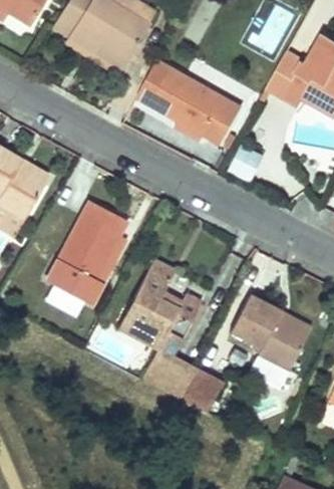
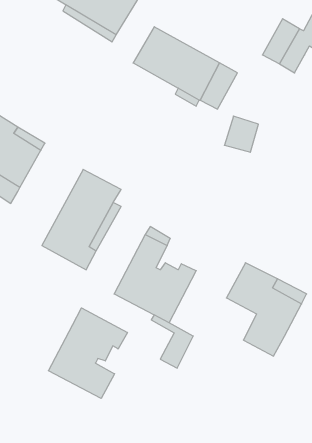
building: none -> [48,308,127,398]
building: [140,351,178,391] -> none
building: [181,368,225,413] -> none

